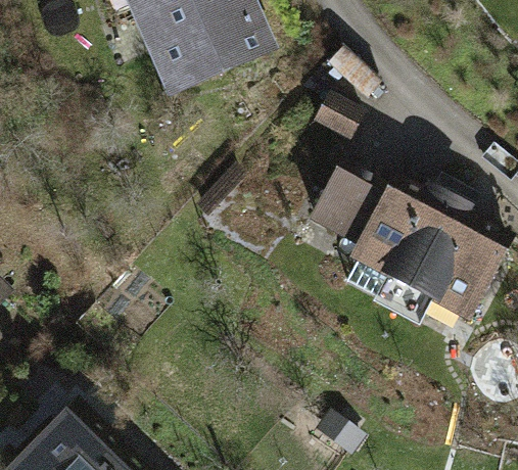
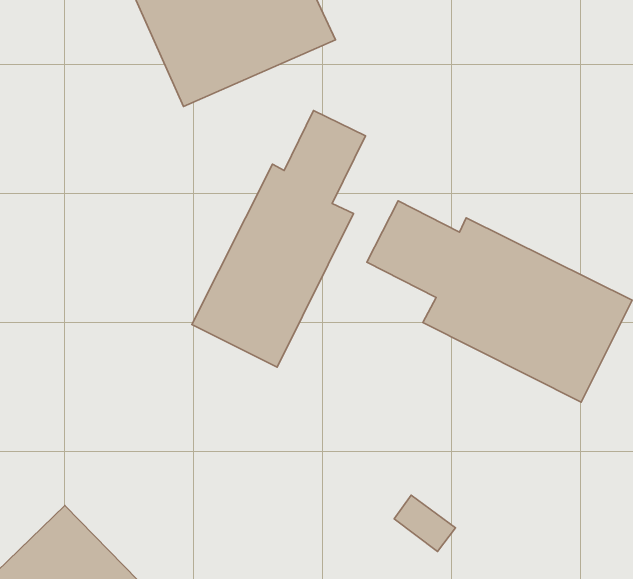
building: none -> [192,111,366,367]

